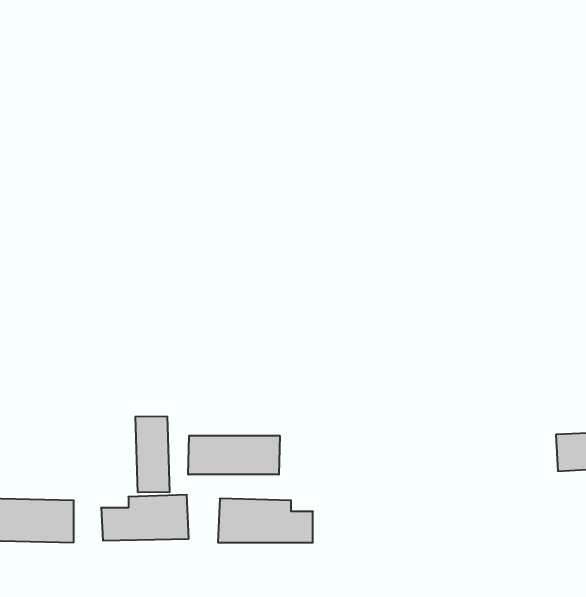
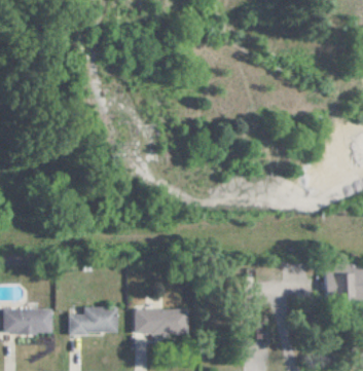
building: [135,416,169,492] -> none
building: [188,436,280,475] -> none

